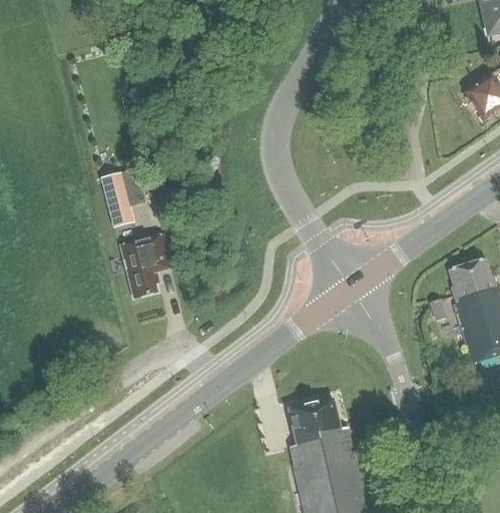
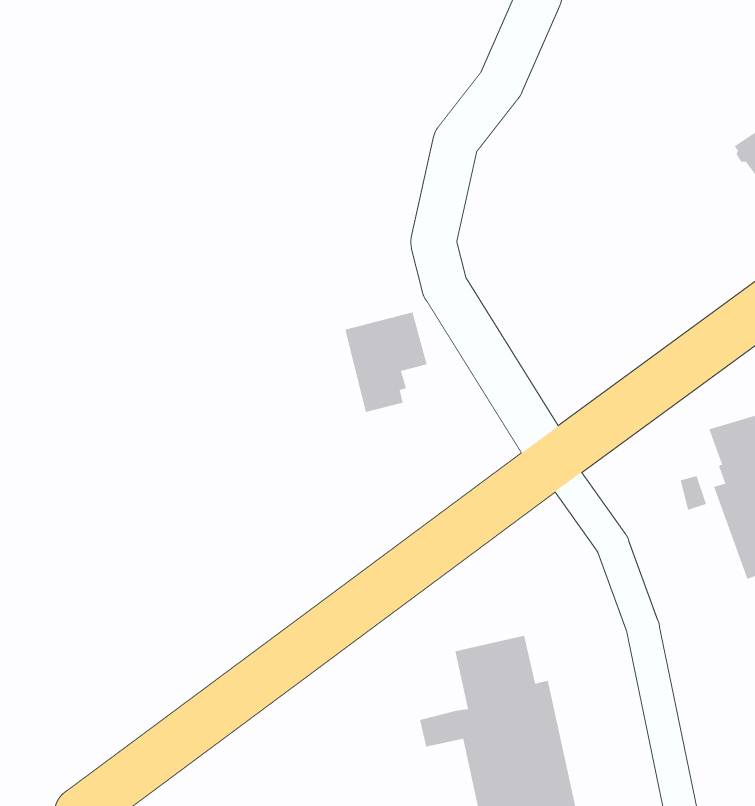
building: [102,169,142,226] -> none
building: [120,234,172,298] -> [344,312,428,413]

